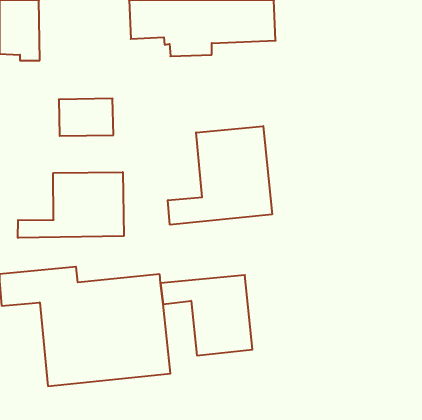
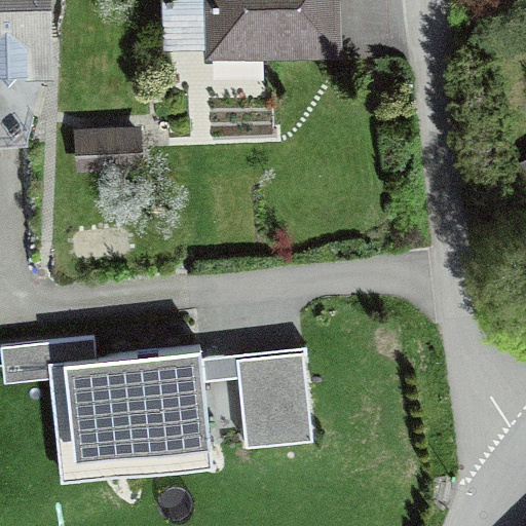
building: [168,126,272,225] -> none
building: [18,172,124,238] -> none

